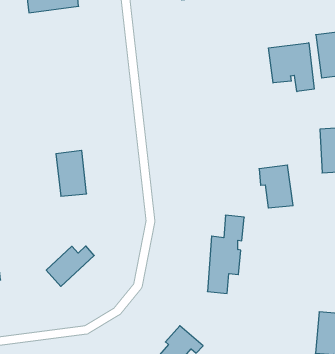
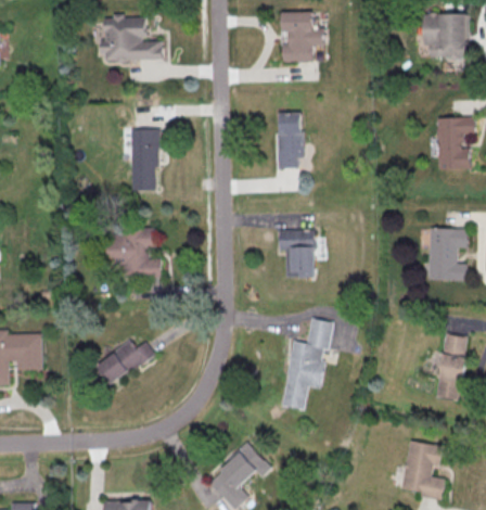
building: [269,43,314,92] -> none
building: none -> [277,118,308,169]
building: none -> [130,129,158,190]
building: [259,165,293,208] -> [280,230,316,278]

